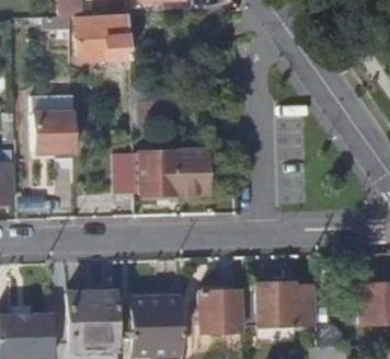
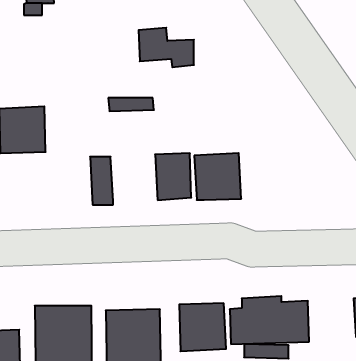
building: [80,25,130,61] -> [139,28,194,67]
building: [136,153,179,196] -> [194,153,241,200]

